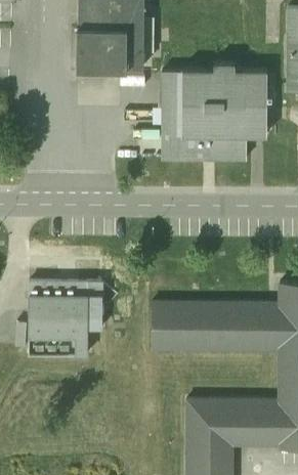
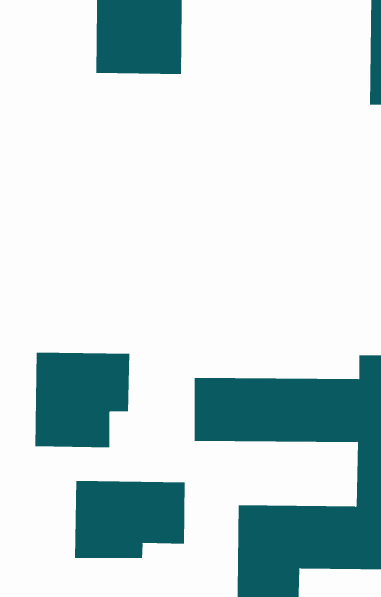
building: [163,63,267,160] -> none
building: none -> [75,480,185,559]

